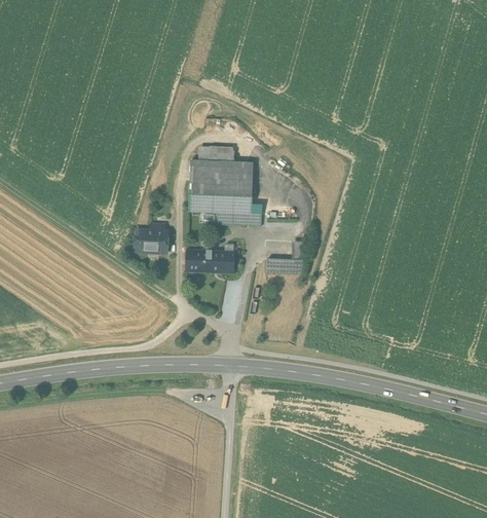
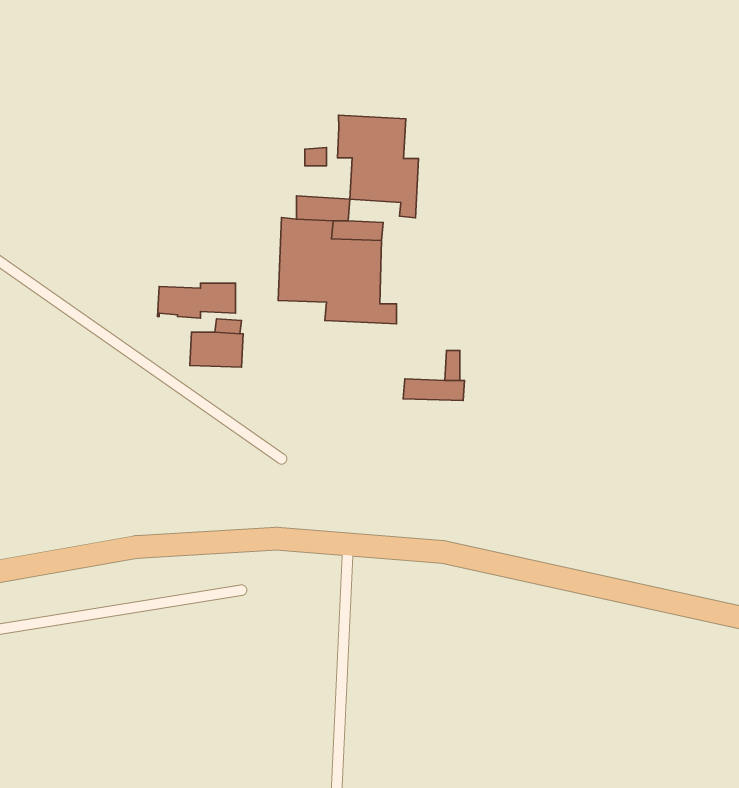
building: none -> [337,115,418,218]
building: [186,251,234,272] -> [157,283,236,318]

